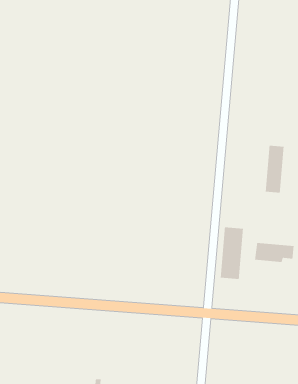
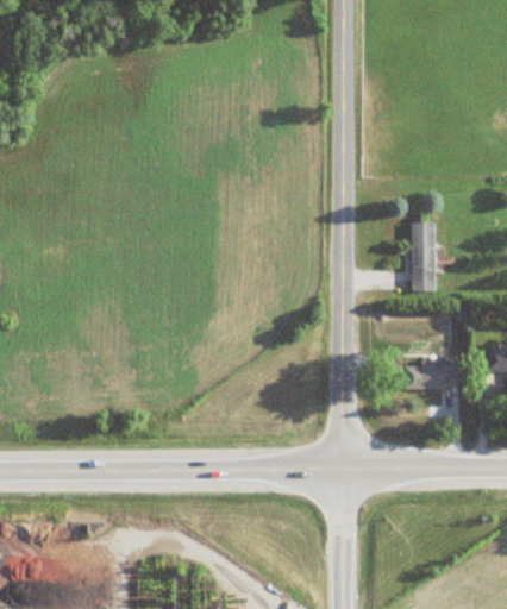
building: [220,226,244,280] -> none

